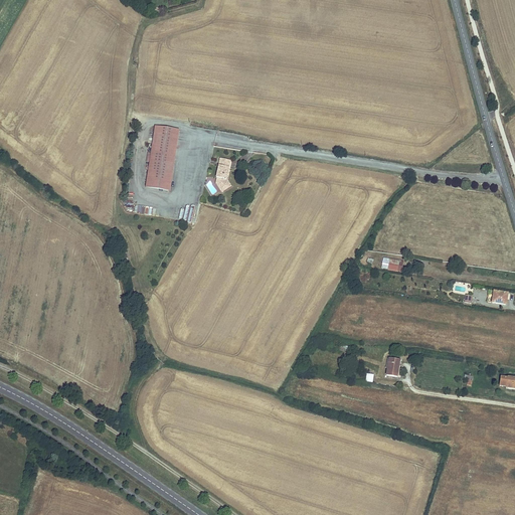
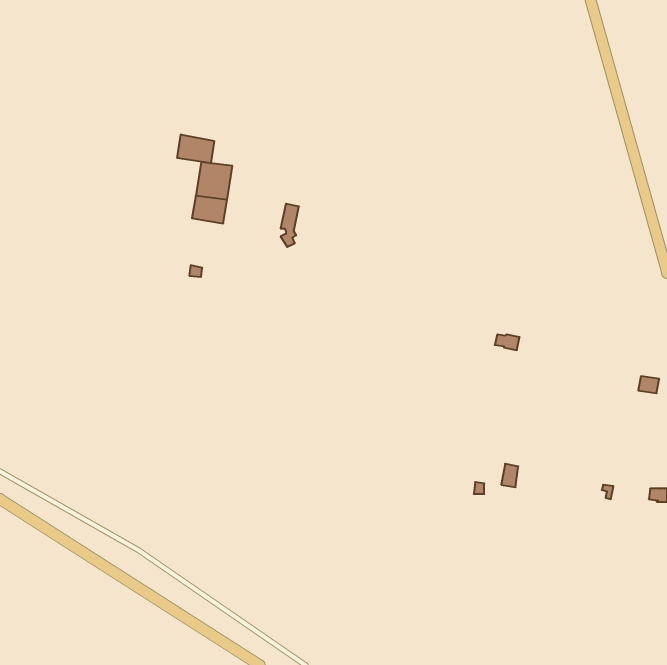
building: none -> [177,134,214,163]
building: [146,168,172,189] -> none

